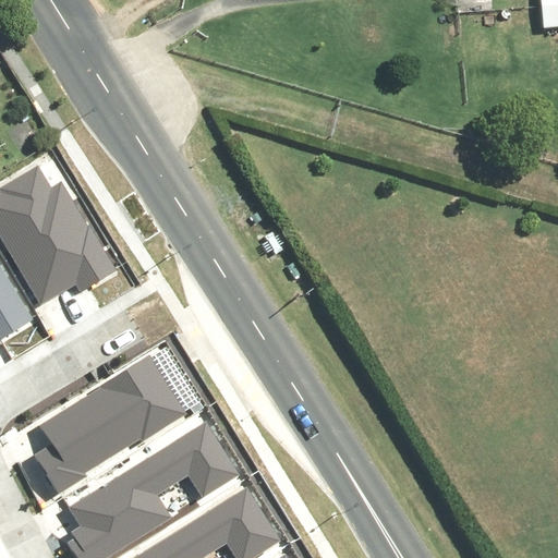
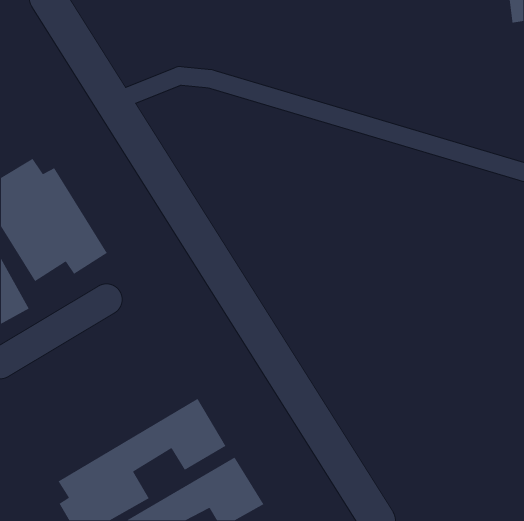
building: [27,357,184,499] -> none

